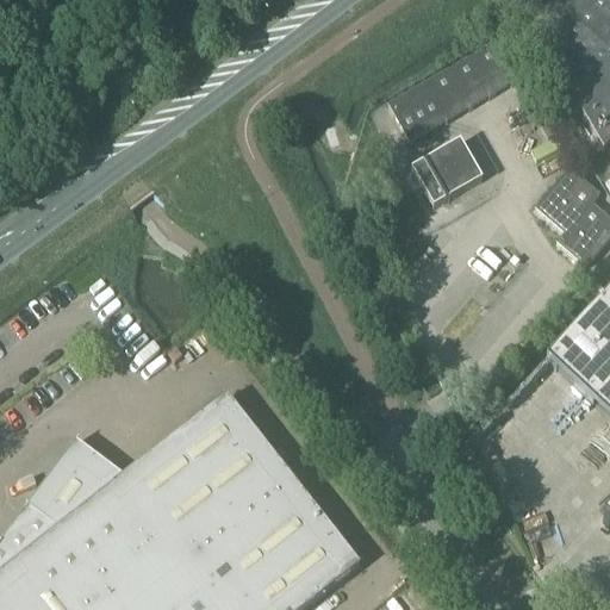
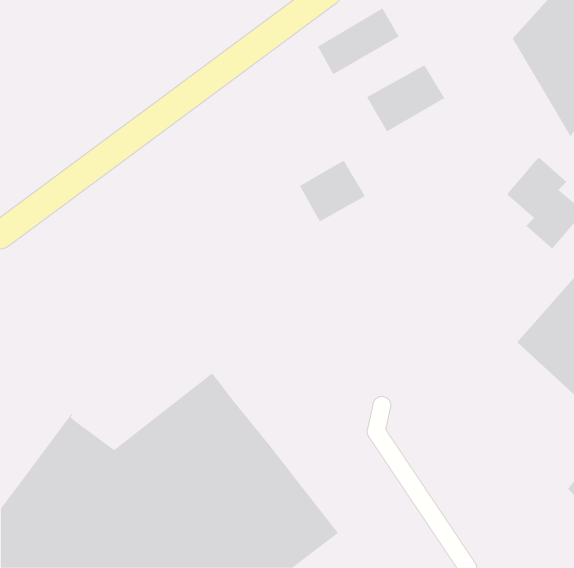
building: none -> [317,7,399,75]
building: [452,42,517,104] -> none
building: [413,139,484,205] -> [299,160,366,222]

